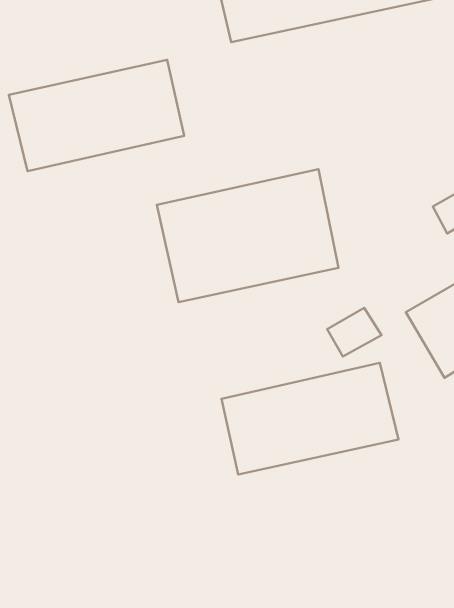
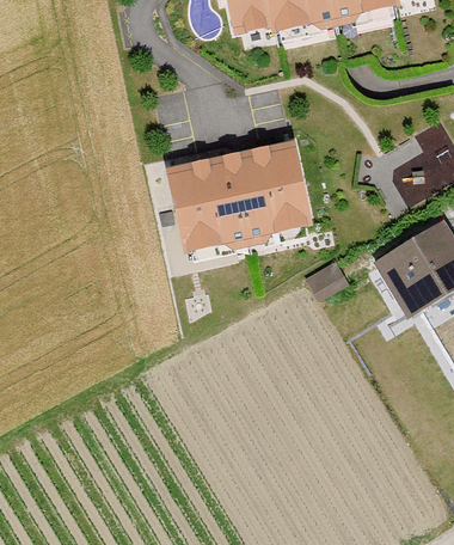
building: [9,60,184,171] -> none
building: [221,363,399,475] -> none

